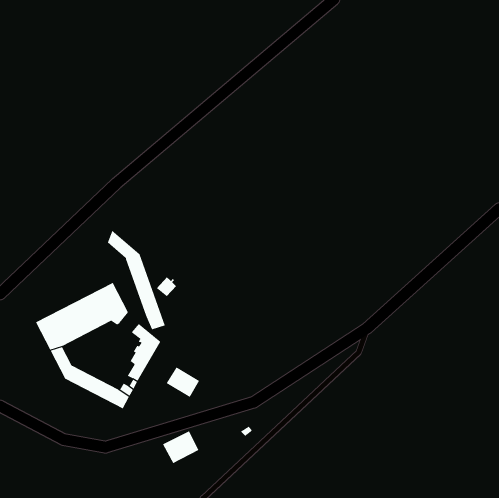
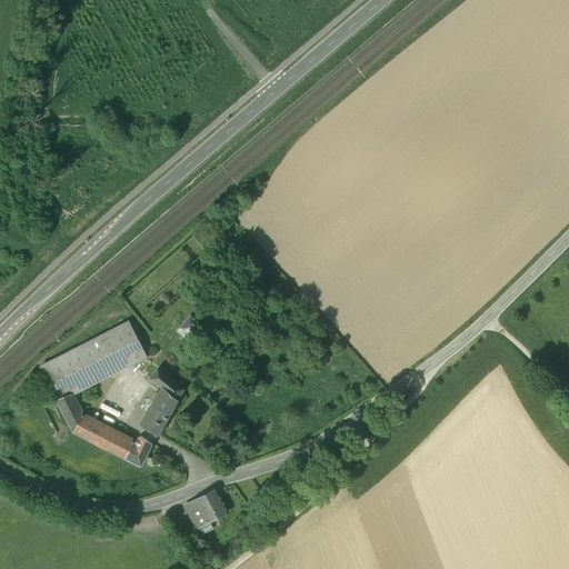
building: [107,230,165,330] -> none
building: [166,366,200,398] -> none

